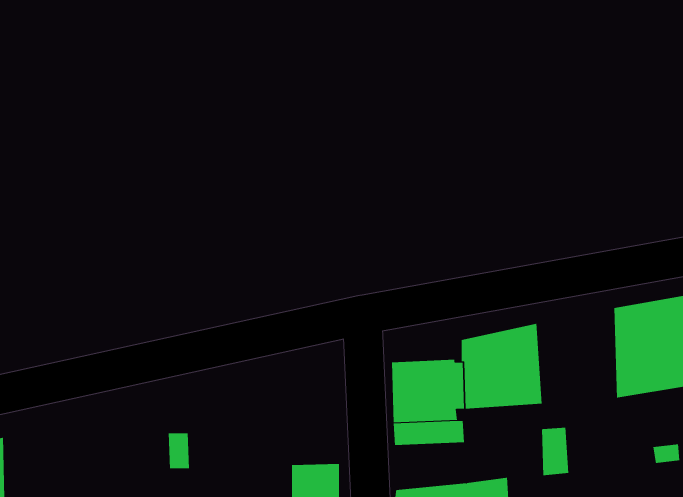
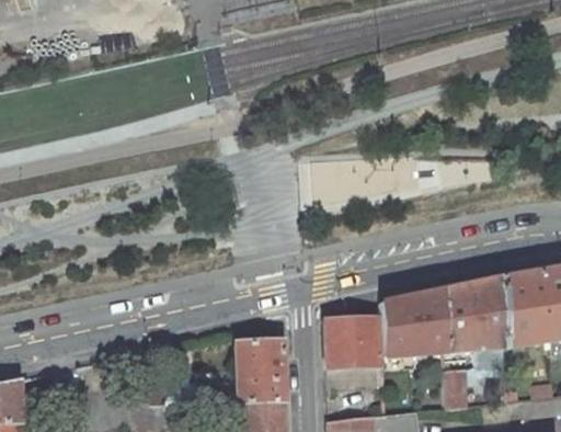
building: none -> [440,276,505,375]
building: none -> [236,340,285,401]

